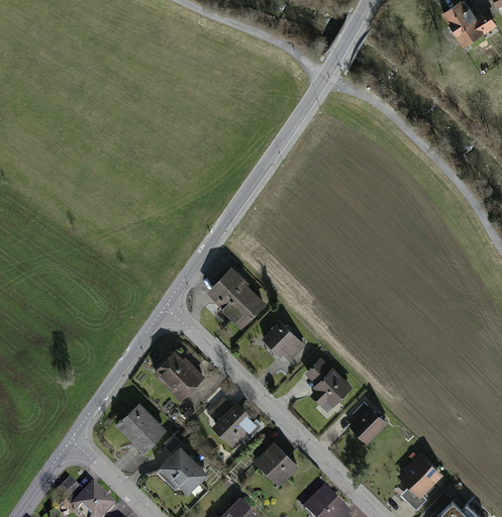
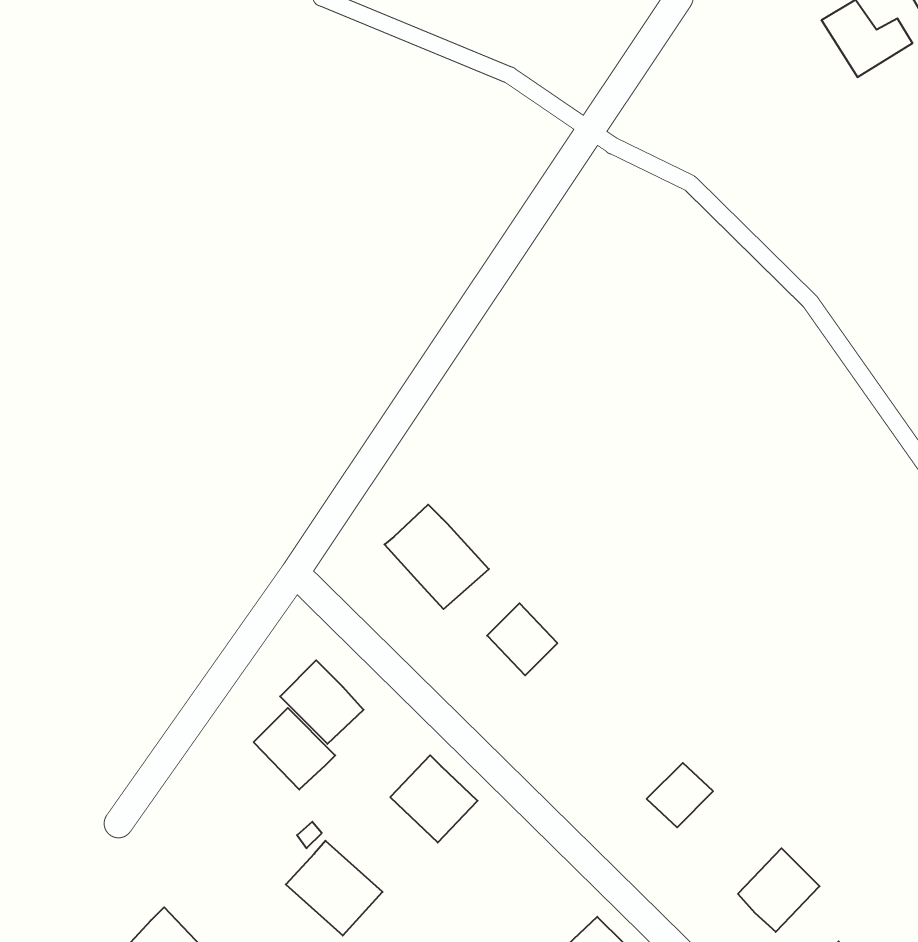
building: [306,360,347,409] -> none
building: [119,405,163,448] -> [254,708,335,790]
building: [255,443,296,484] -> none

